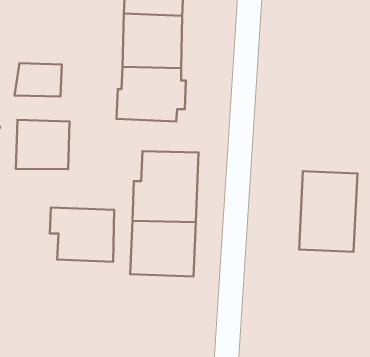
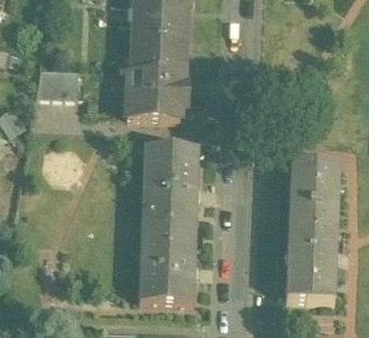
building: [16,120,70,169] -> none
building: [50,207,114,262] -> [137,258,194,306]
building: none -> [286,236,336,304]

